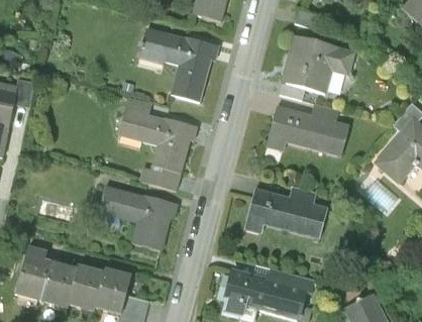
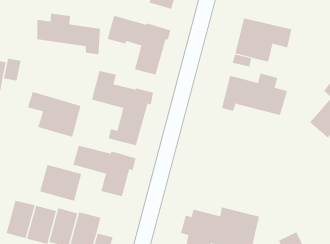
building: none -> [37,13,101,55]
building: none -> [27,91,81,138]
building: [256,182,338,236] -> none
building: none -> [40,164,82,201]

